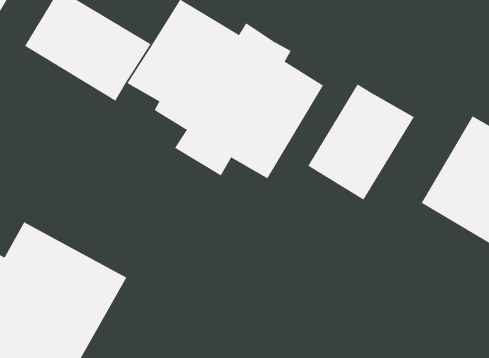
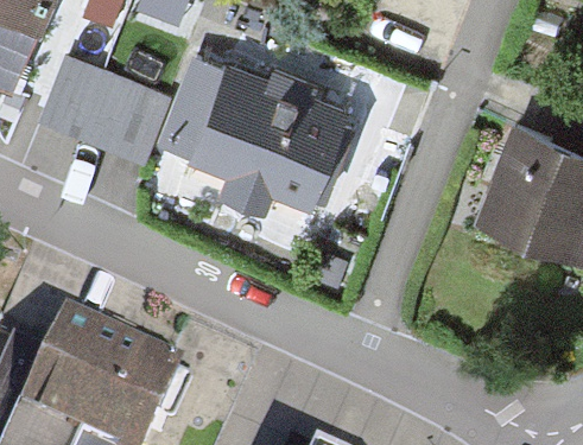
building: [307,83,414,200] -> none

